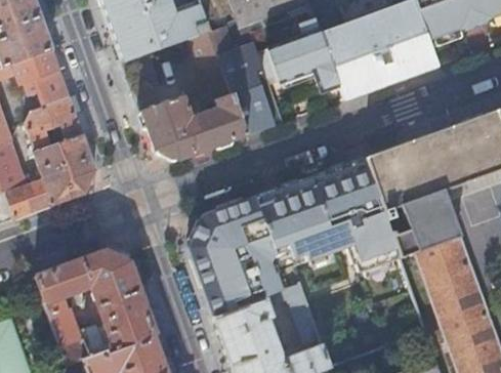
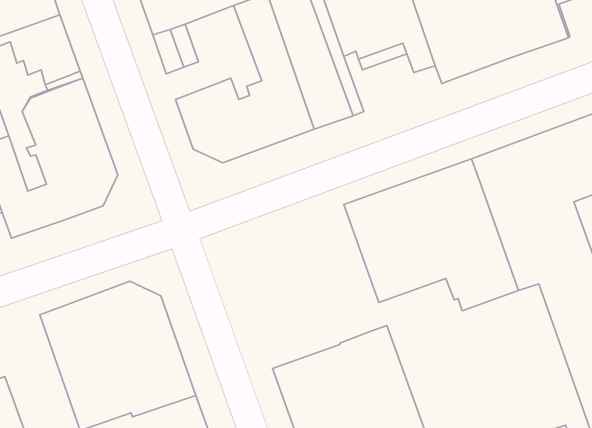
building: [189,192,294,317] -> none

